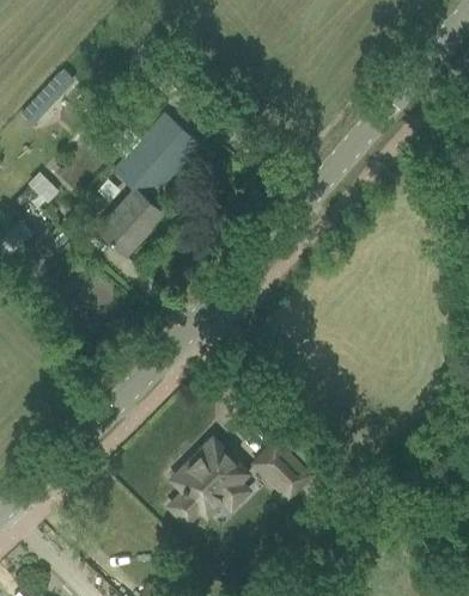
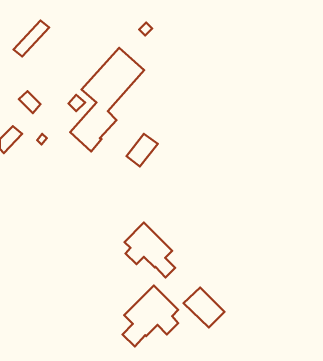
building: none -> [127,134,158,166]
building: none -> [125,223,175,278]

